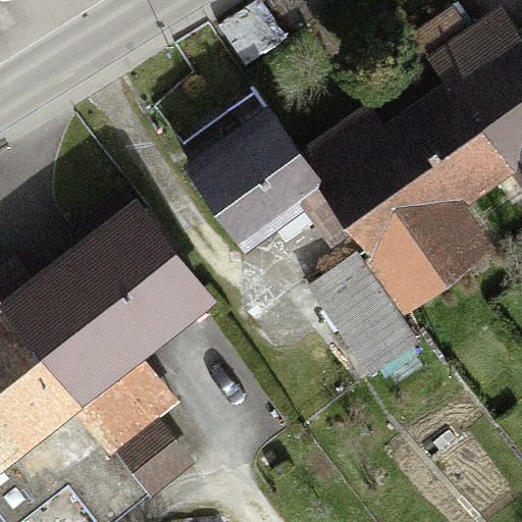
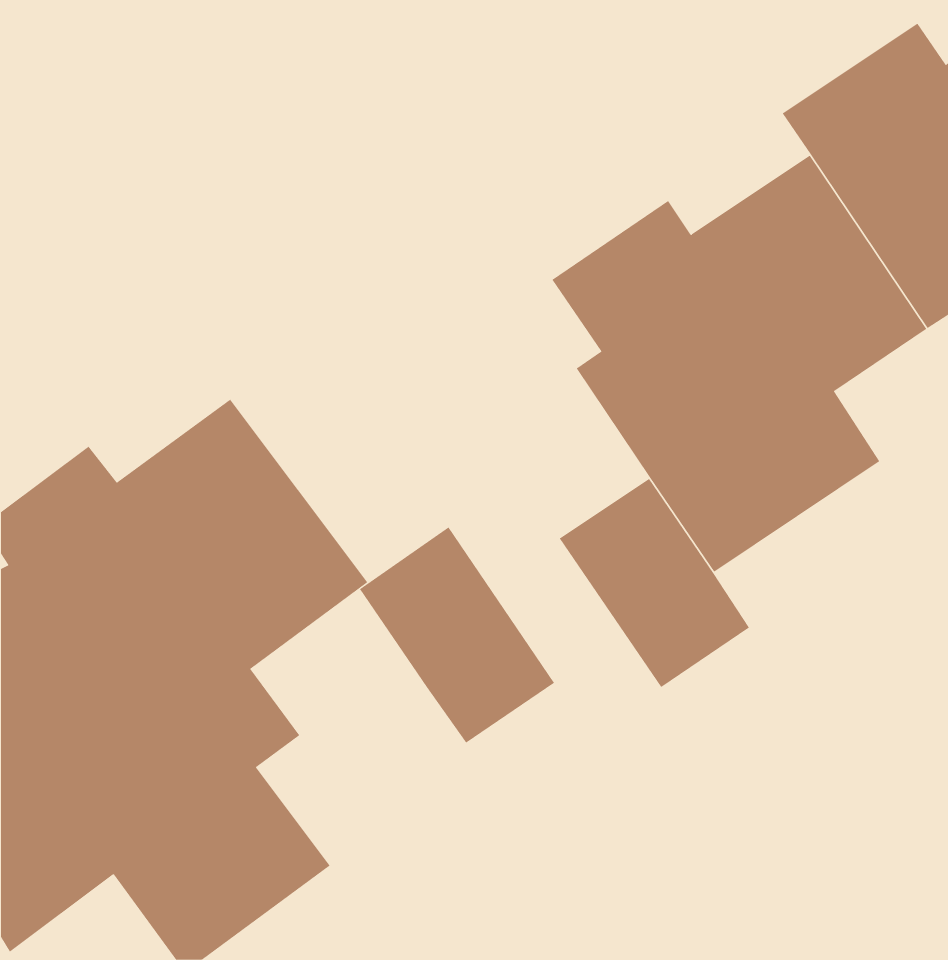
building: [190,104,319,234] -> none
building: none -> [359,526,555,744]

